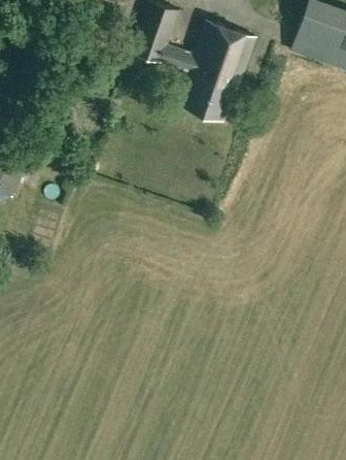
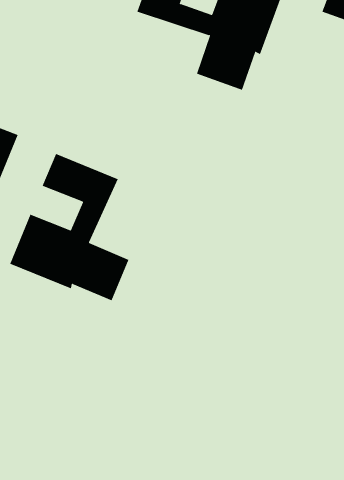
building: none -> [10,153,129,301]

